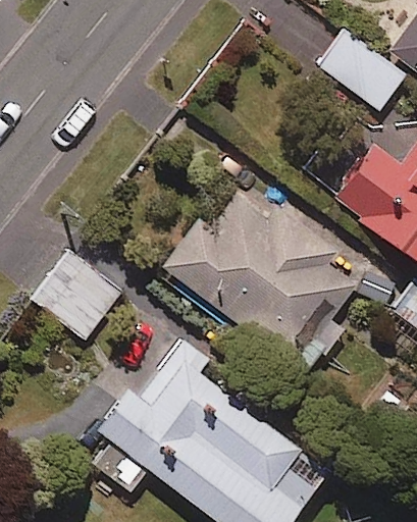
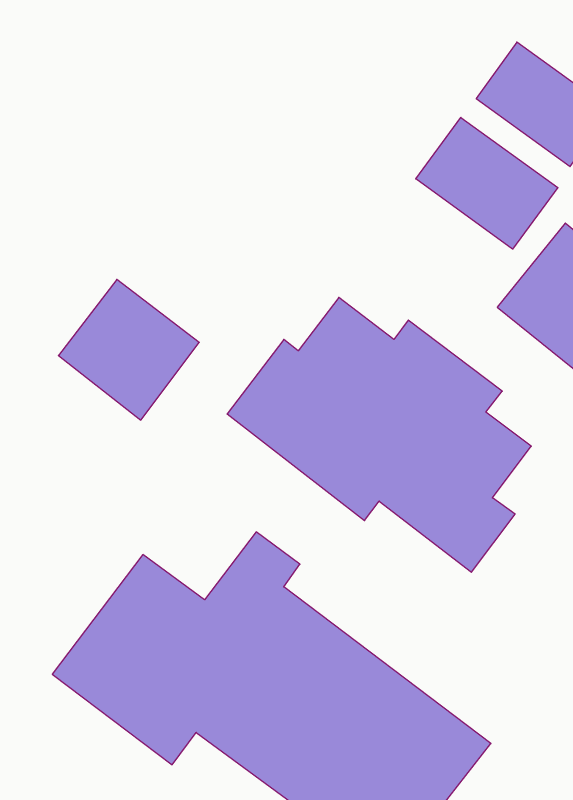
building: none -> [416,117,558,249]
building: [33,251,121,340] -> [58,279,199,420]

